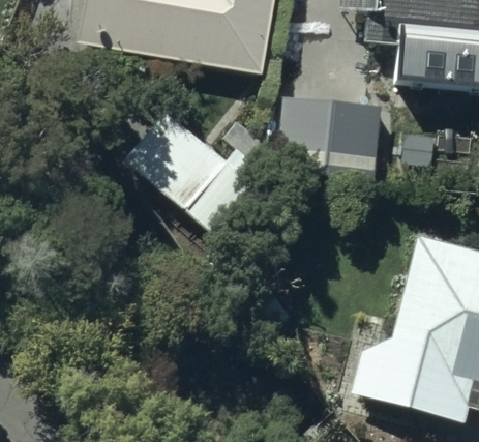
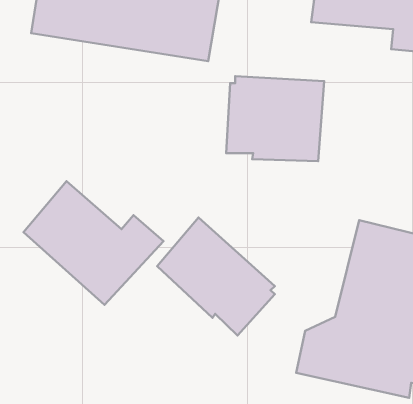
building: [125,111,270,239] -> [24,181,164,305]
building: none -> [157,218,275,336]

